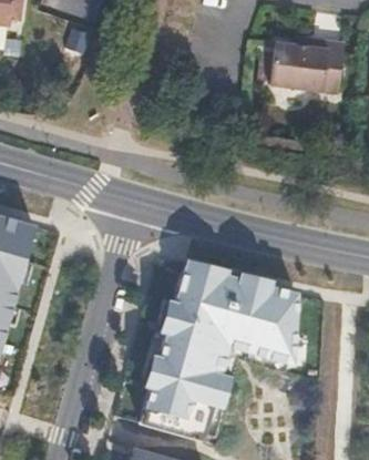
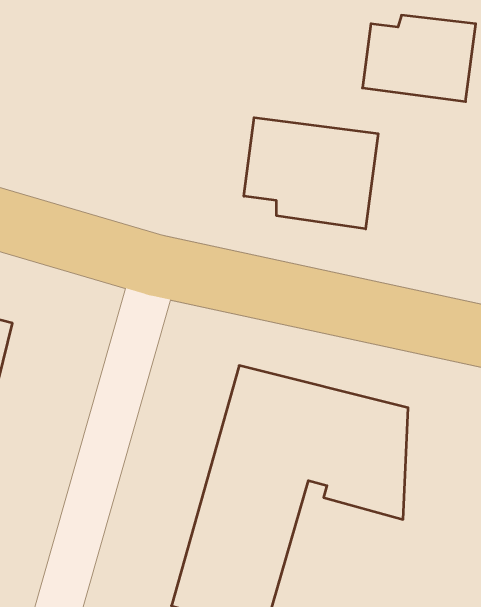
building: none -> [244,118,378,229]

